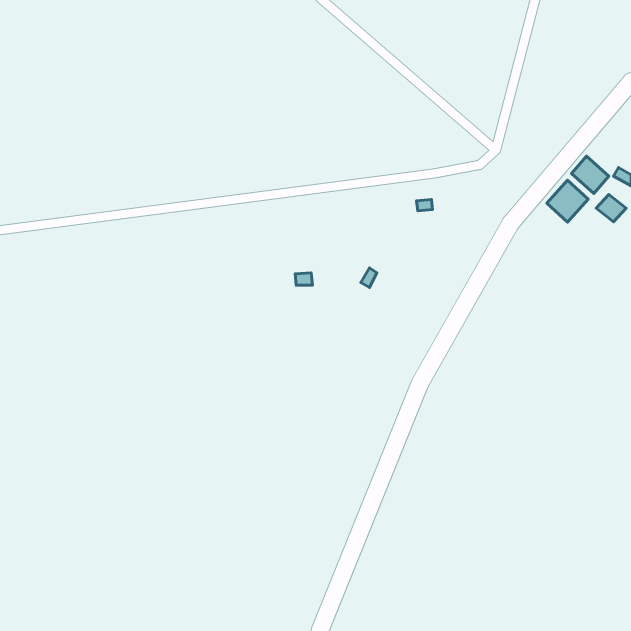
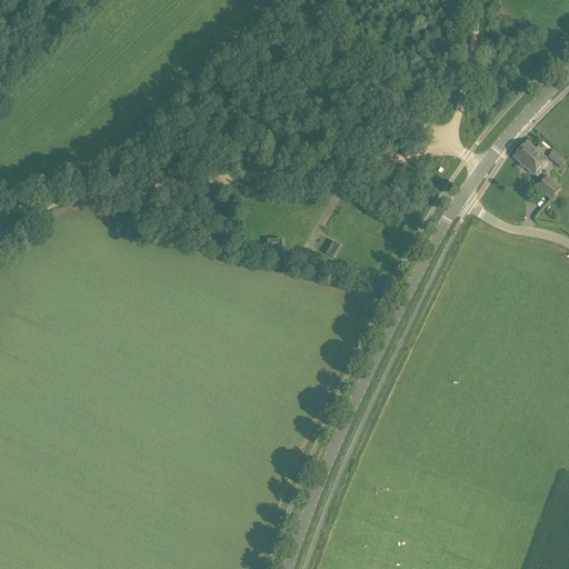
building: [547,180,588,222] -> none

